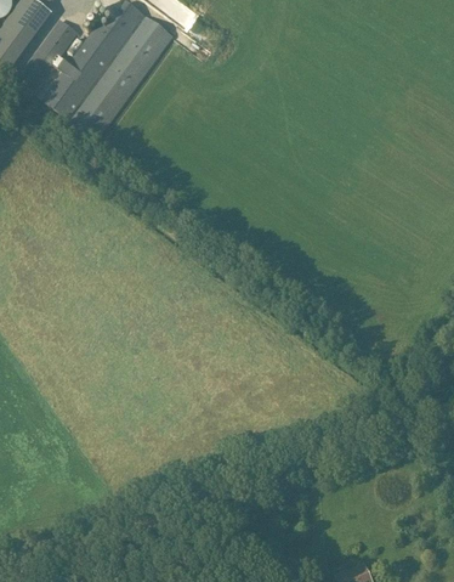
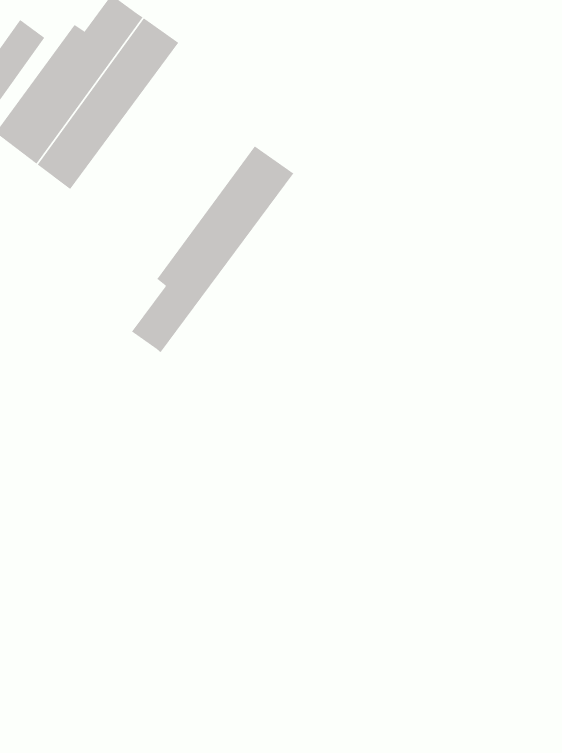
building: none -> [131,146,294,353]

